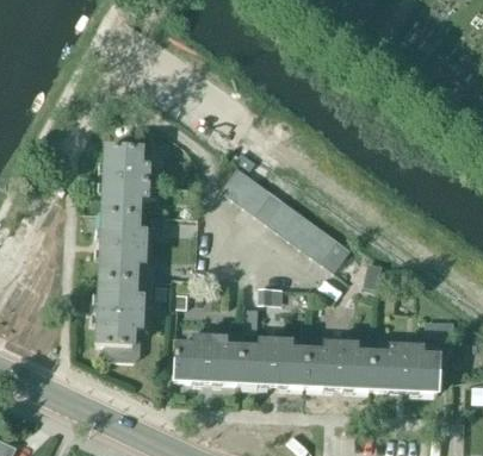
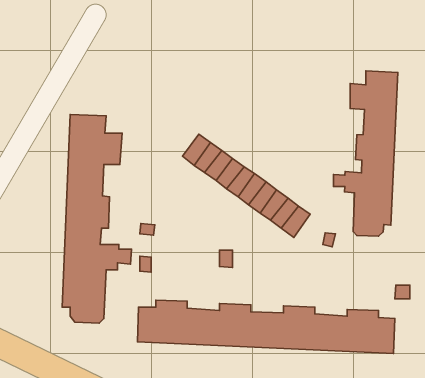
building: none -> [334,71,398,236]

